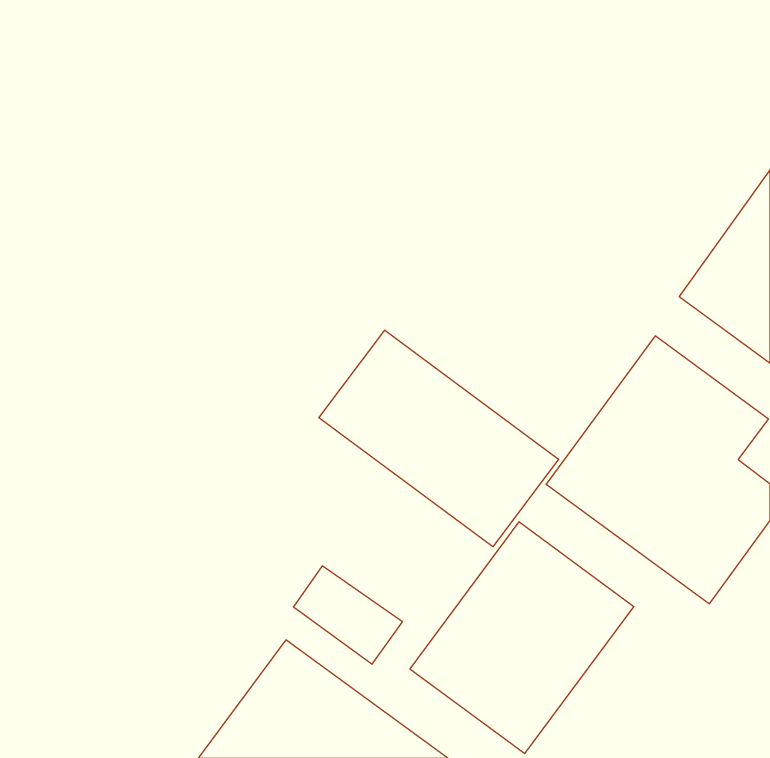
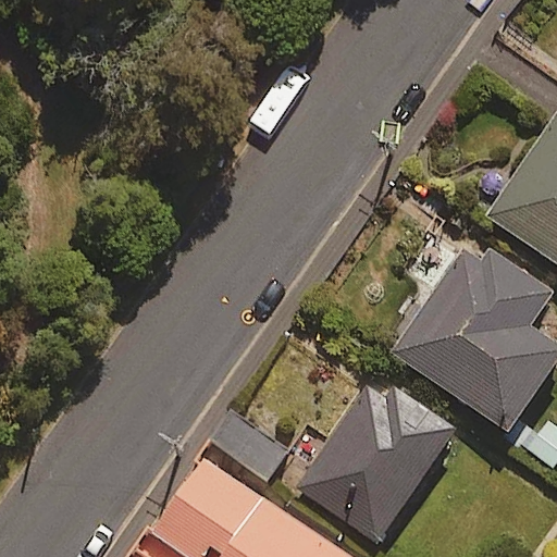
building: [319,330,559,547] -> none

